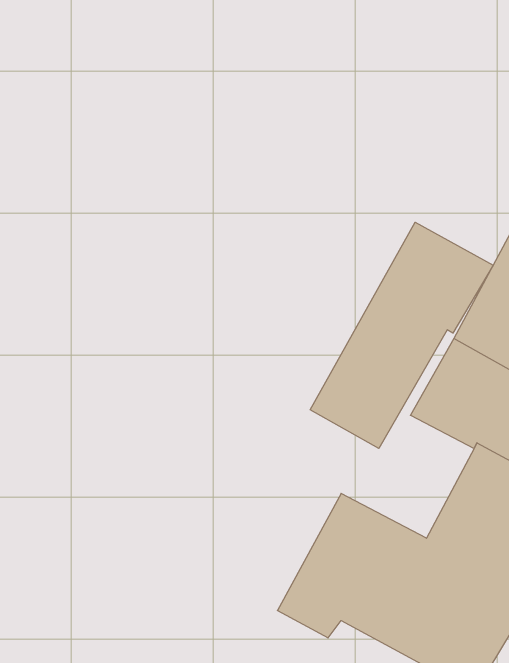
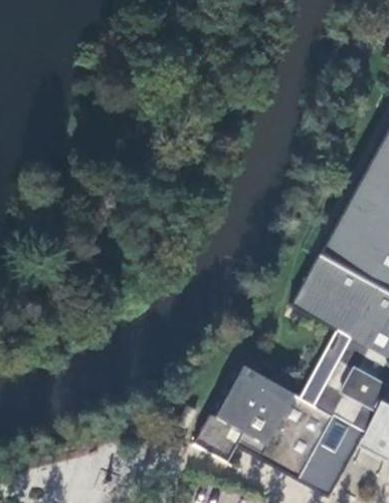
building: [310,222,493,448] -> none

